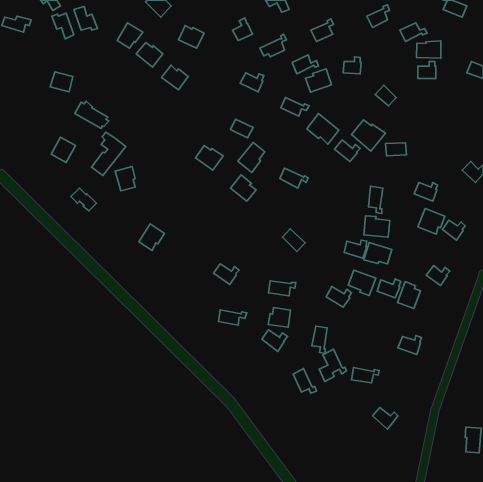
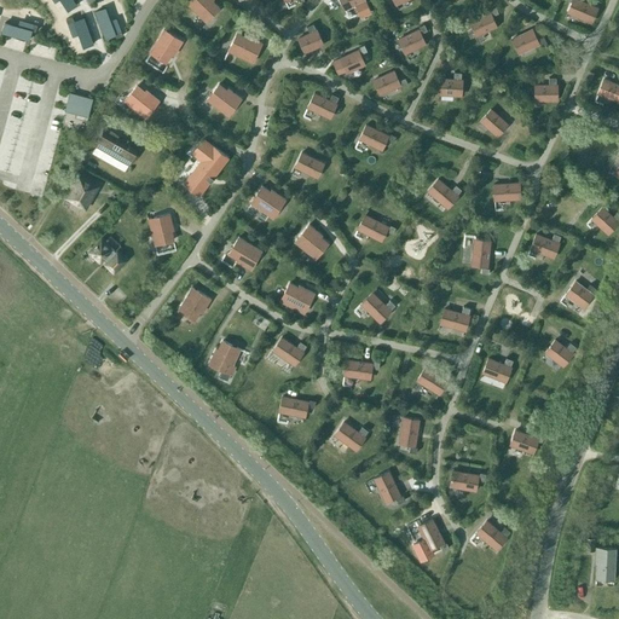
building: [417,41,441,58] -> none
building: [136,43,163,67] -> [125,87,158,118]
building: [305,69,331,92] -> none
building: [307,114,339,144] -> none
building: [352,120,385,151] -> none
building: [92,132,126,176] -> [184,140,227,196]
building: [238,143,265,173] -> none
building: none -> [228,238,261,271]
building: [418,209,445,234] -> none
building: [364,216,390,237] -> none
building: none -> [280,284,313,313]
building: [364,243,392,264] -> none
building: none -> [209,342,239,382]
building: [348,270,376,295] -> none
building: [398,281,421,308] -> none
building: [268,308,290,327] -> none
building: [319,349,347,381] -> [413,520,449,561]

